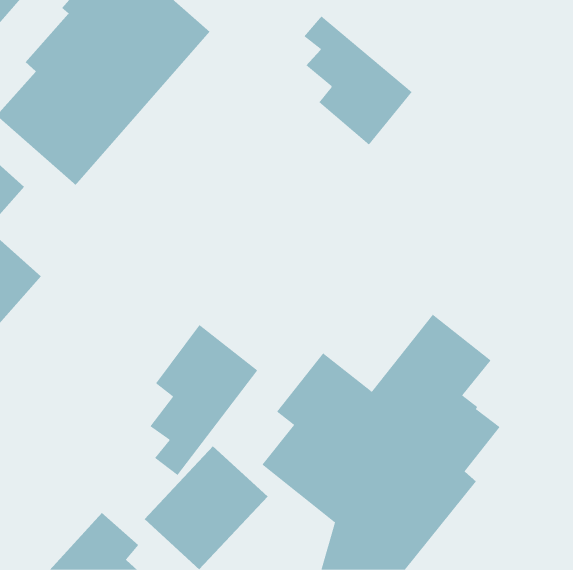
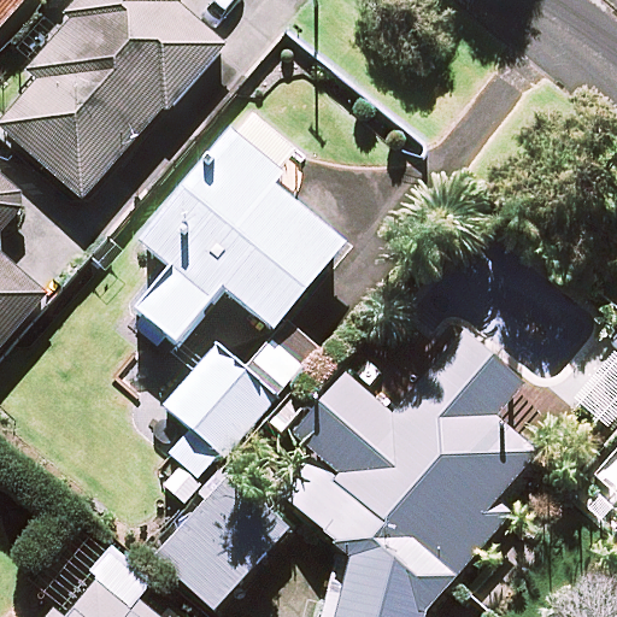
building: [304,15,412,146] -> none
building: none -> [137,113,343,342]

